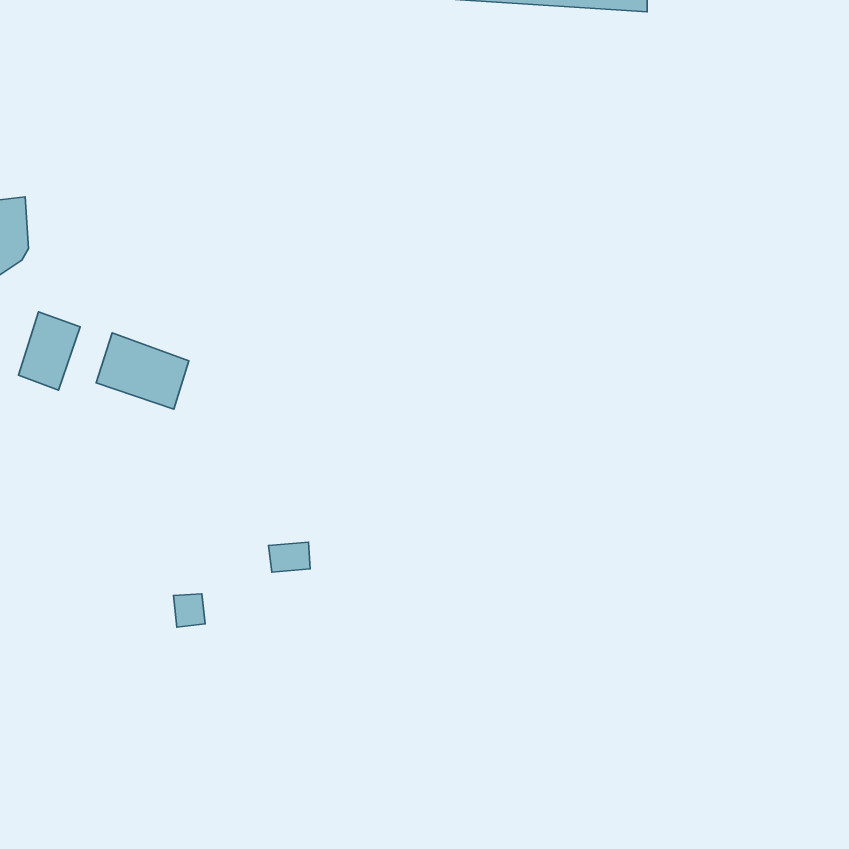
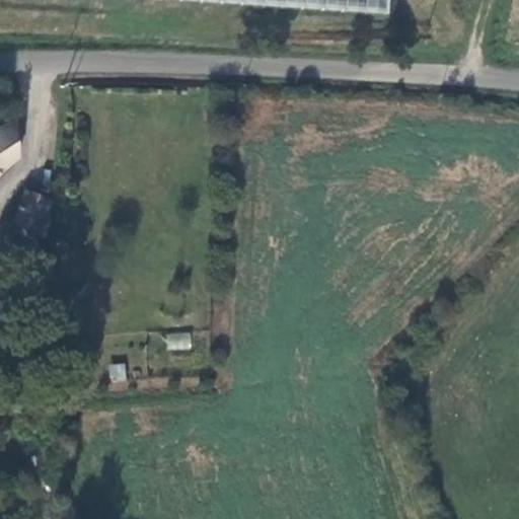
building: [96,333,189,409] -> none

